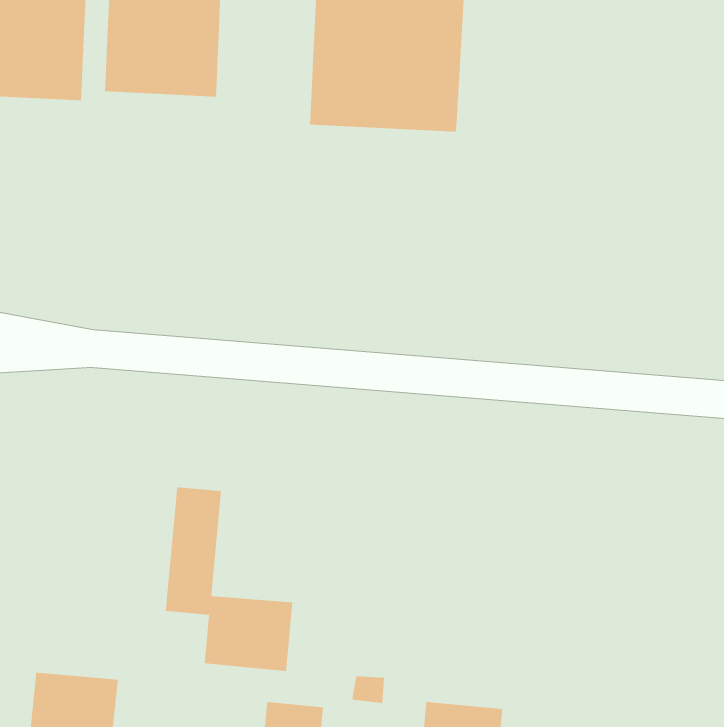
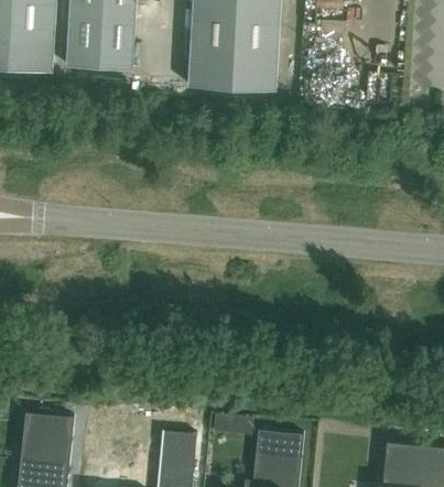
building: [165,487,293,672] -> none

